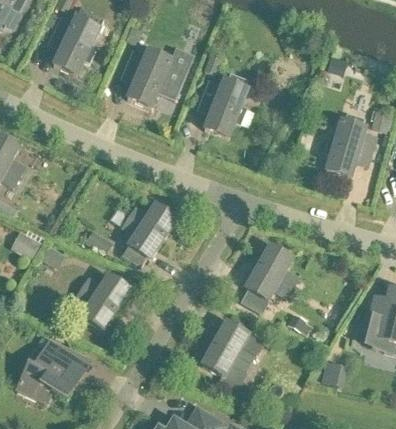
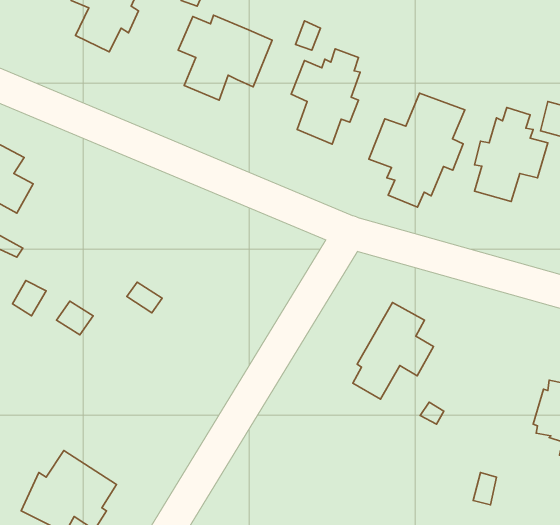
building: none -> [369,93,465,207]
building: [122,203,176,263] -> none
building: [76,273,129,328] -> none
building: [201,320,264,386] -> none

